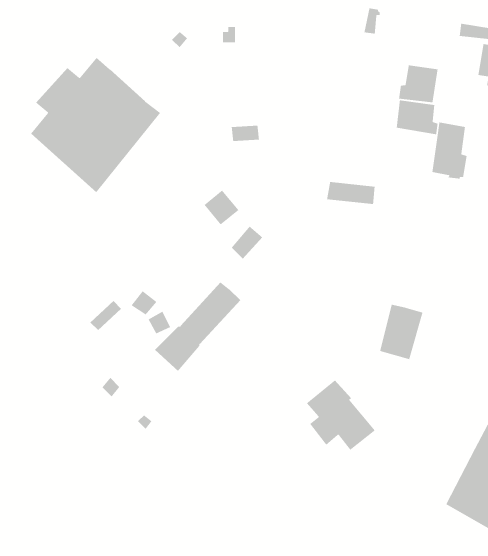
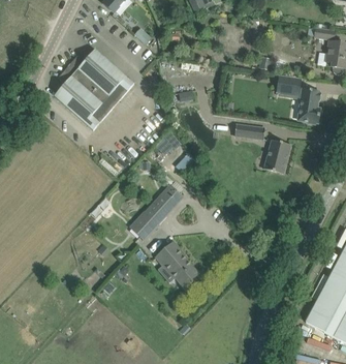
building: [398,64,439,103] -> none
building: [379,304,423,360] -> [263,140,290,174]
building: [306,379,376,451] -> [155,242,197,285]

